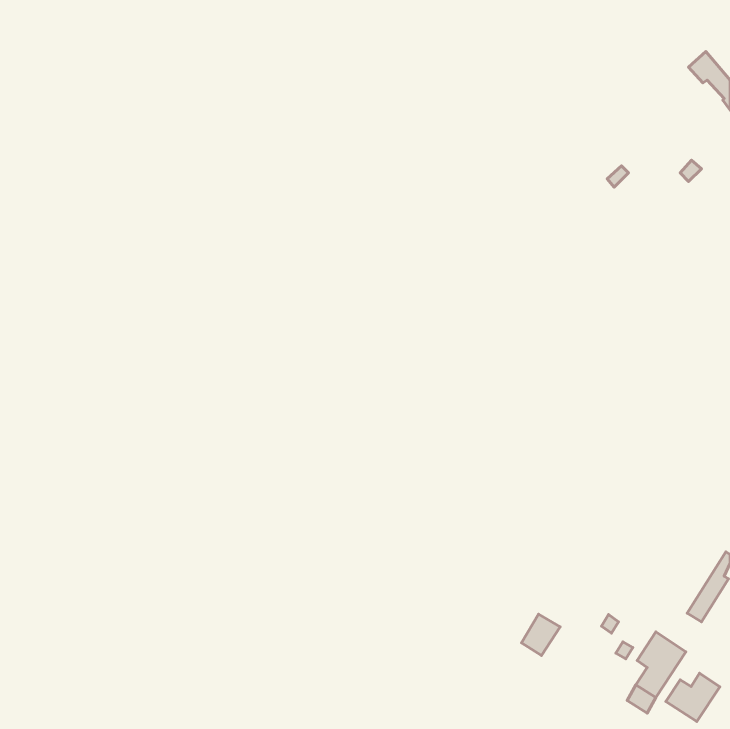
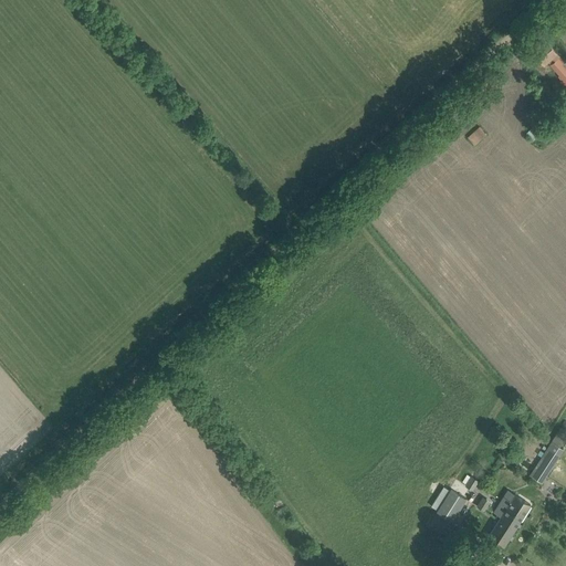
building: [521,614,560,656] -> [437,490,467,522]
building: [666,673,720,722] -> none

